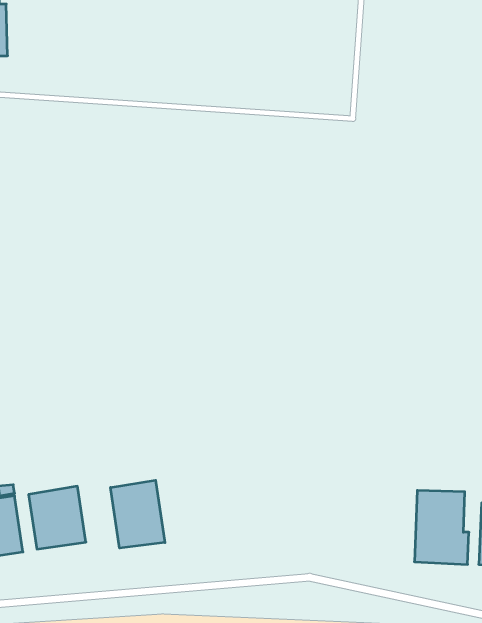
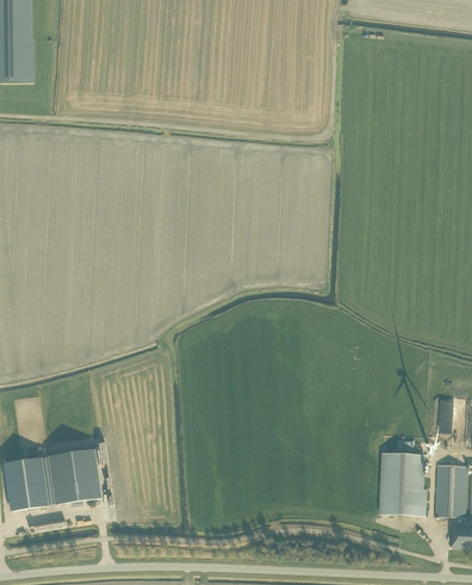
building: [111,480,165,548] -> none

